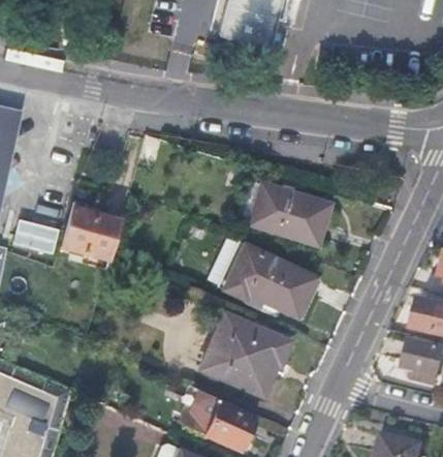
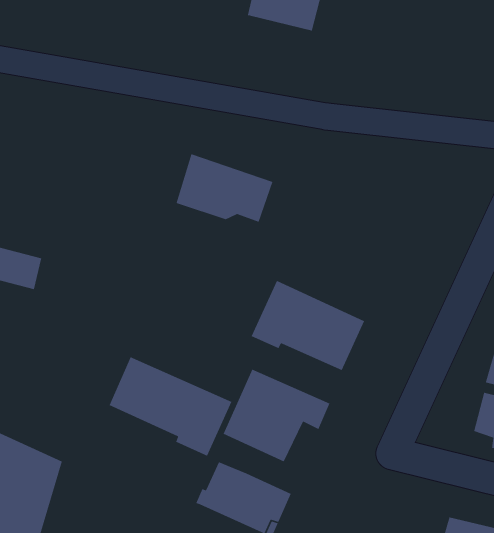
building: [249,184,327,240] -> [176,153,273,223]
building: [63,204,121,261] -> none
building: none -> [108,356,232,457]

